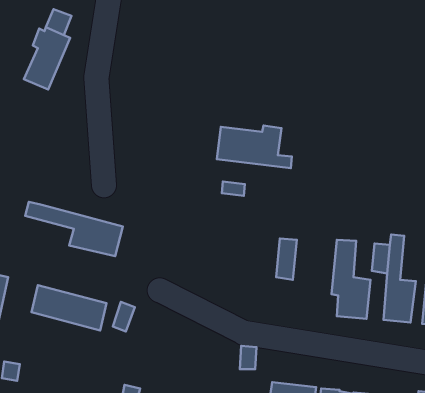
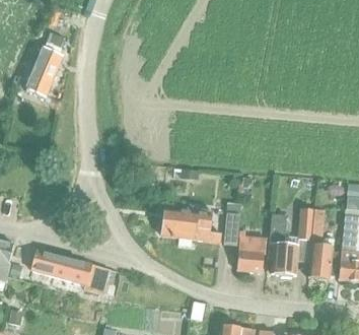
building: [217,125,292,168] -> [162,208,221,242]
building: [25,202,123,256] -> none
building: none -> [237,230,267,272]

